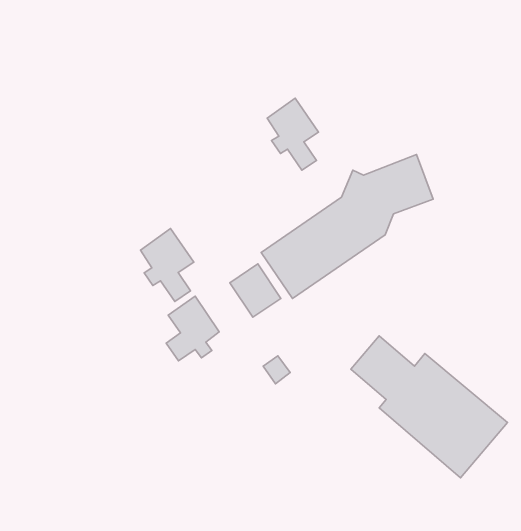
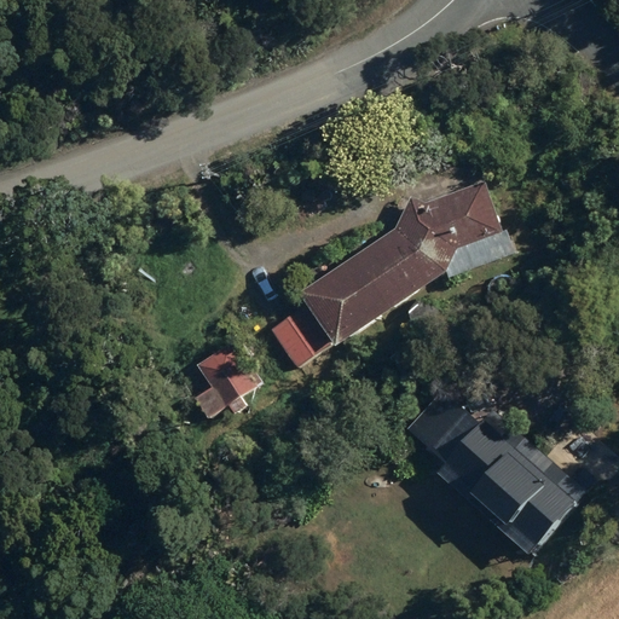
building: [267,98,319,170] -> none
building: [140,229,194,301] -> none

